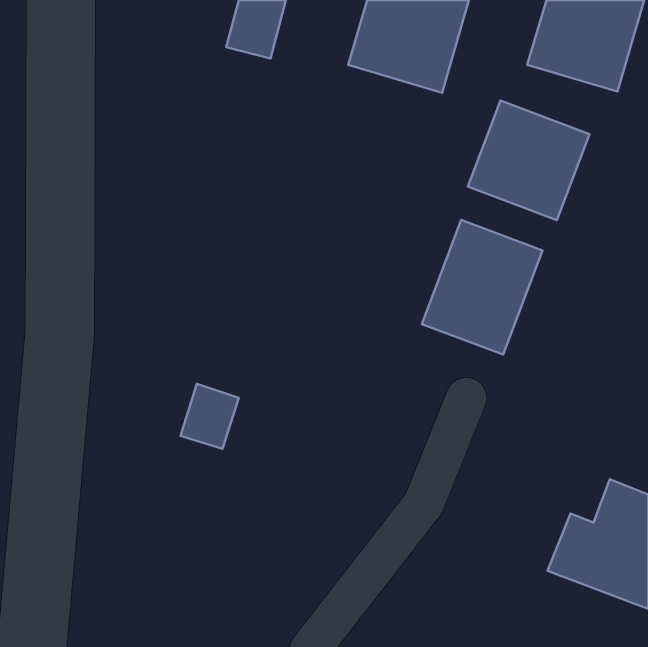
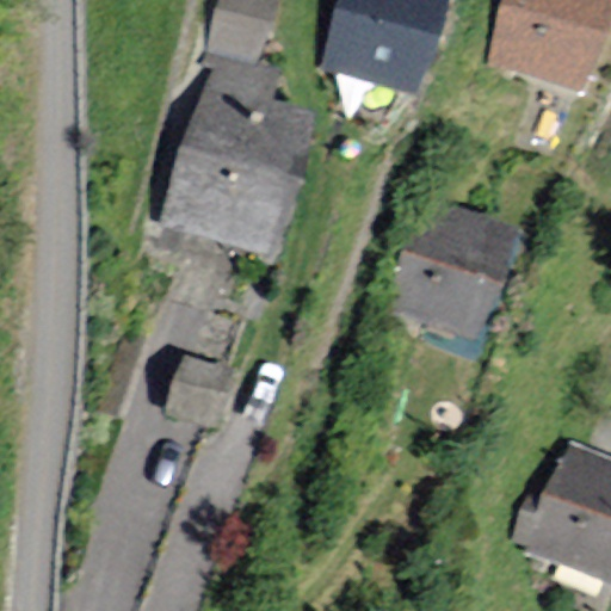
building: none -> [169,66,306,248]
building: [468,100,589,220] -> none

